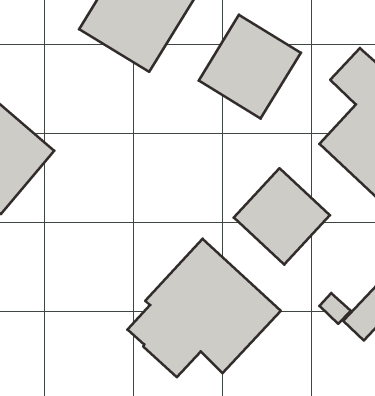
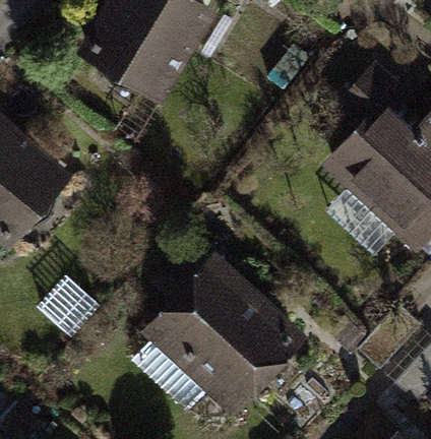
building: [199,15,301,119] -> none
building: [234,168,330,265] -> none

